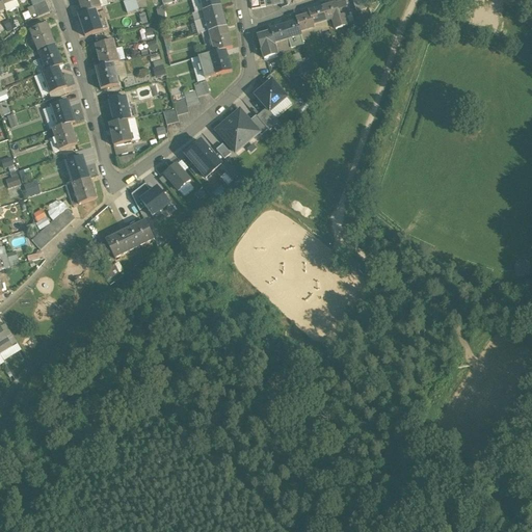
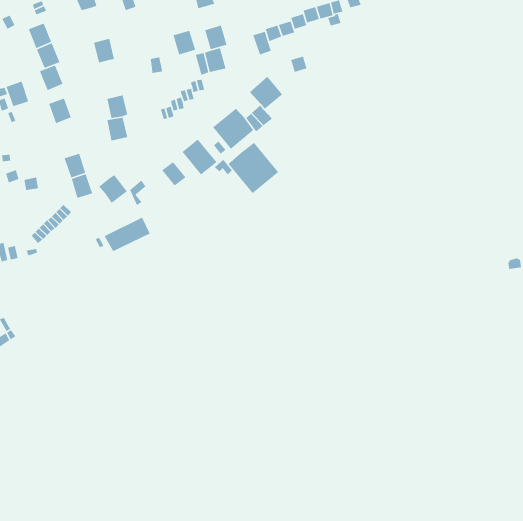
building: [201,4,224,30] -> [172,30,196,55]
building: [77,8,101,34] -> none
building: [95,61,116,87] -> none
building: [51,122,75,149] -> [6,80,29,107]
building: none -> [228,142,279,194]
building: [138,185,168,215] -> [98,174,128,204]

